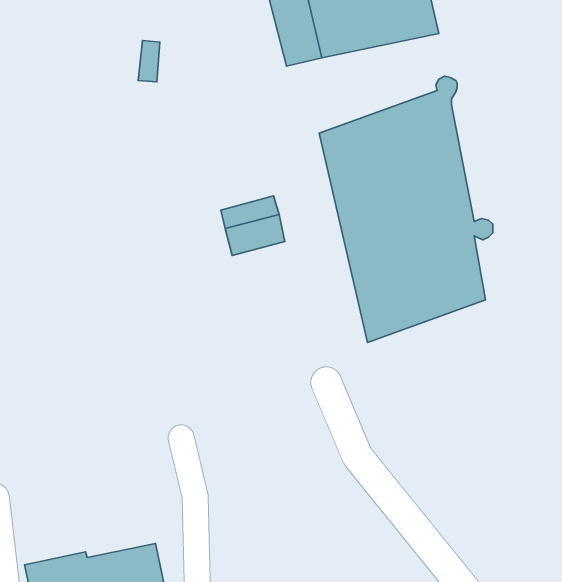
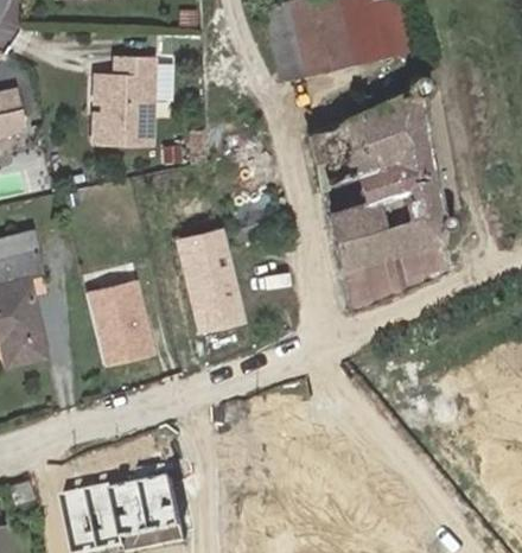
building: none -> [89,61,149,146]
building: none -> [176,227,248,336]
building: none -> [87,278,158,366]

